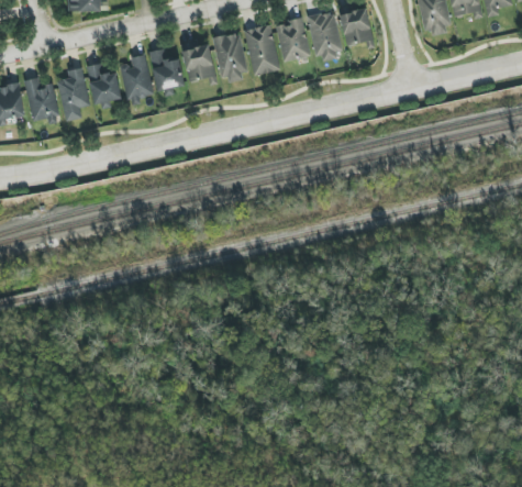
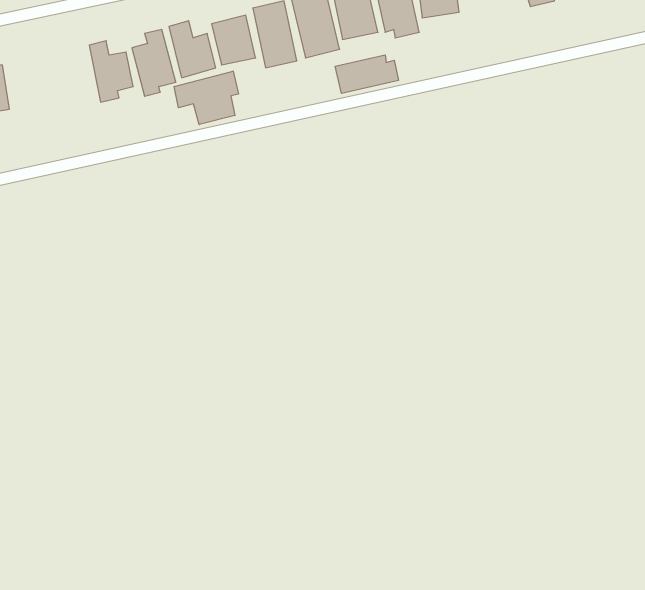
building: [57,67,89,121] -> none
building: none -> [335,55,398,93]
building: [23,77,59,123] -> none
building: none -> [174,71,238,125]

